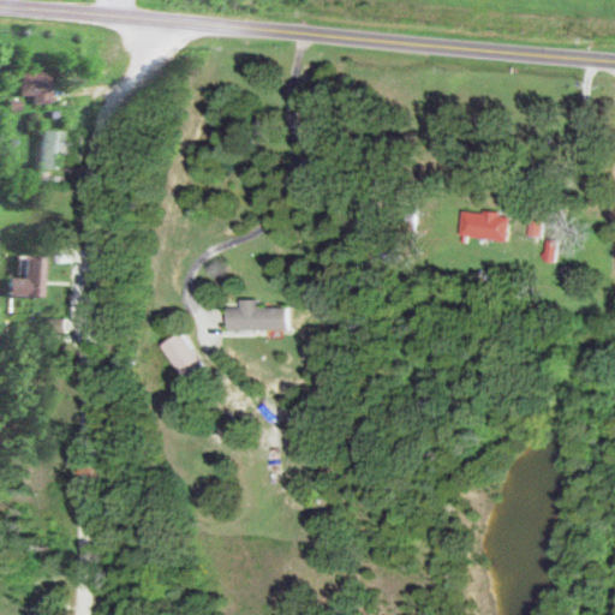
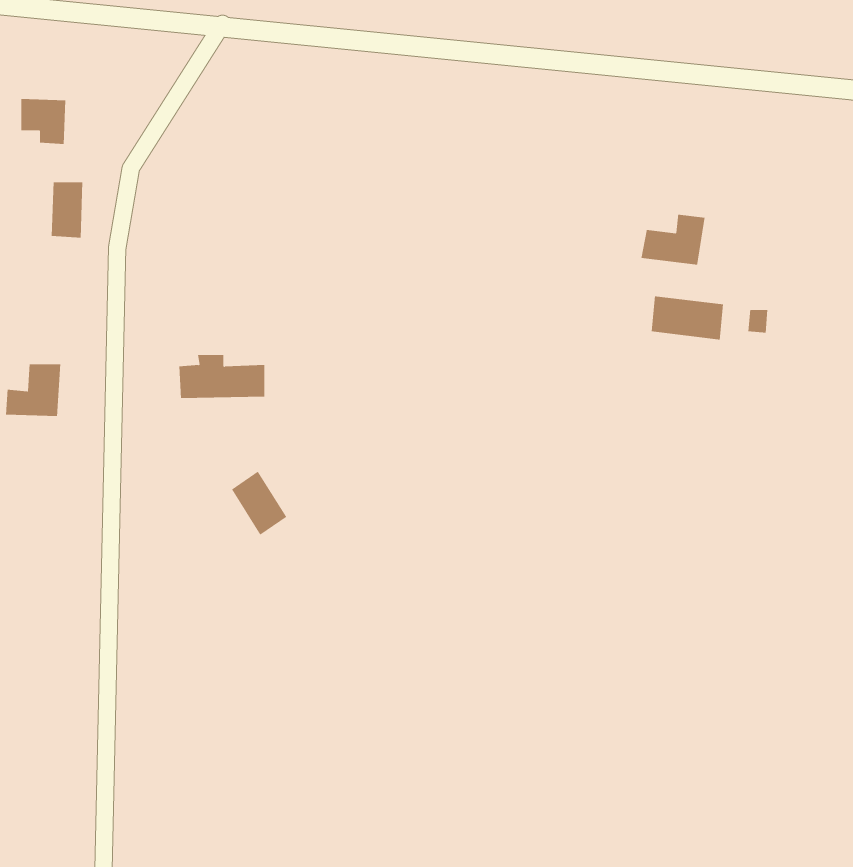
building: none -> [641,214,705,266]
building: [227,300,288,332] -> [178,354,265,399]

